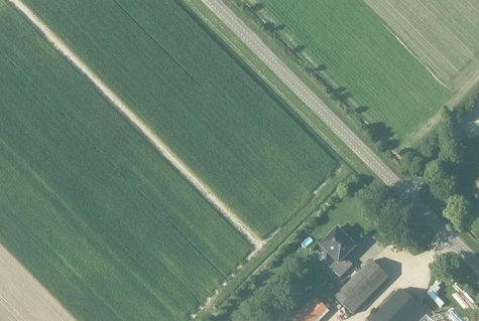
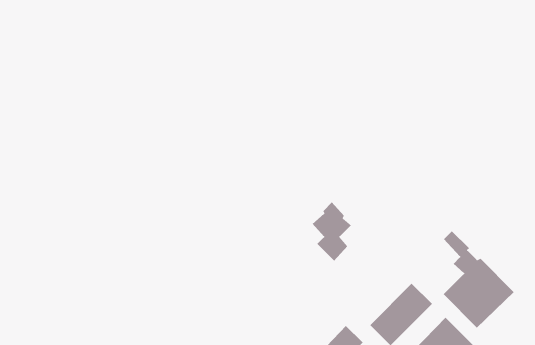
building: none -> [443,230,515,328]
building: [321,224,355,276] -> [312,202,352,261]

